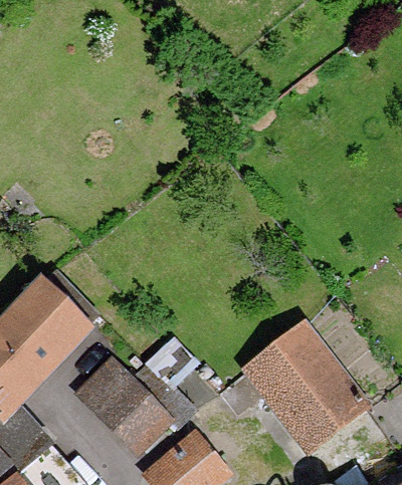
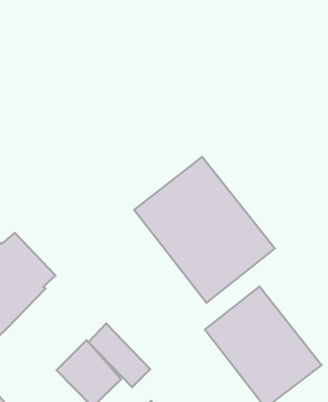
building: none -> [134,157,275,303]

